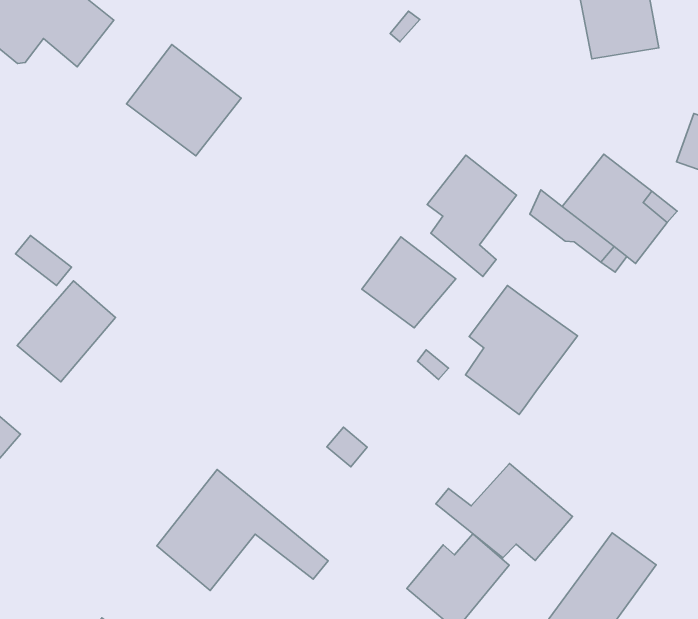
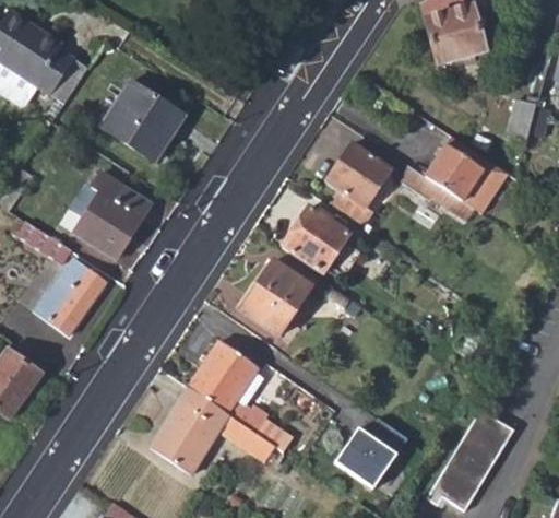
building: none -> [72,170,151,258]
building: [465,286,577,415] -> none
building: none -> [241,259,312,335]
building: none -> [189,342,269,434]
building: [436,463,573,561] -> none

